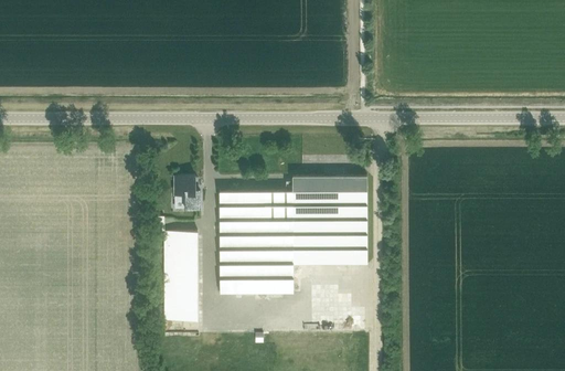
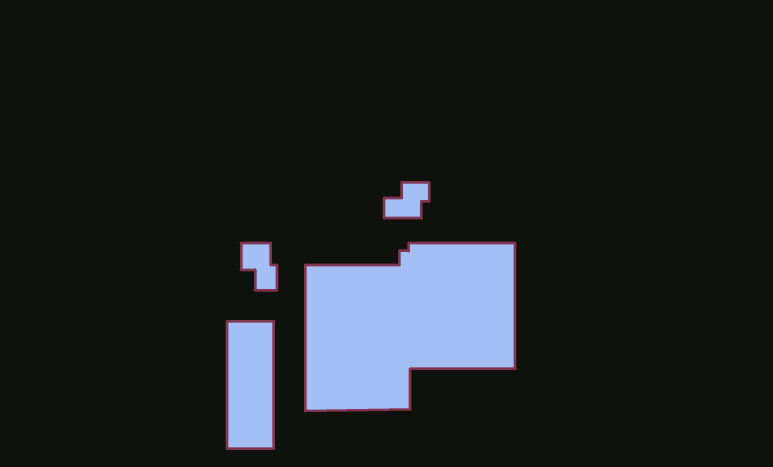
building: none -> [384,182,429,218]

